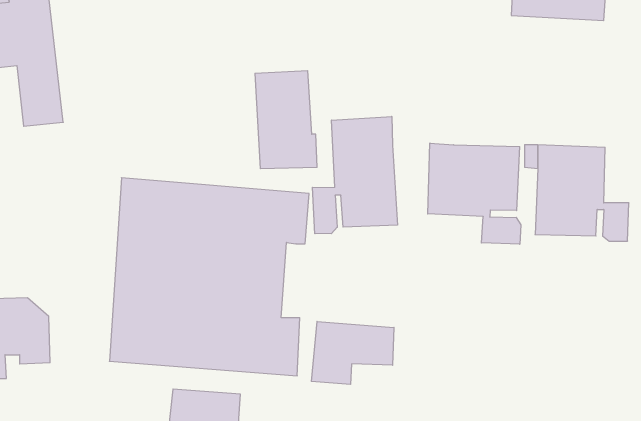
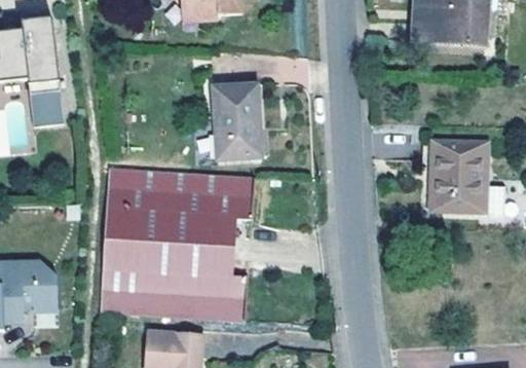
building: [312,116,397,234] -> none
building: [428,143,521,244] -> none
building: [311,321,394,384] -> none

